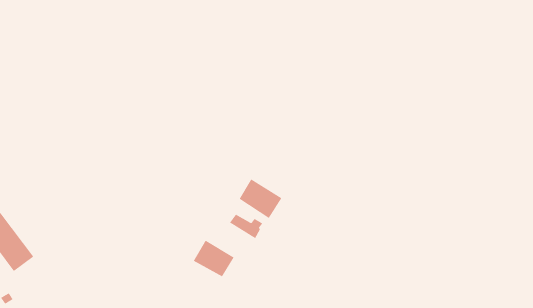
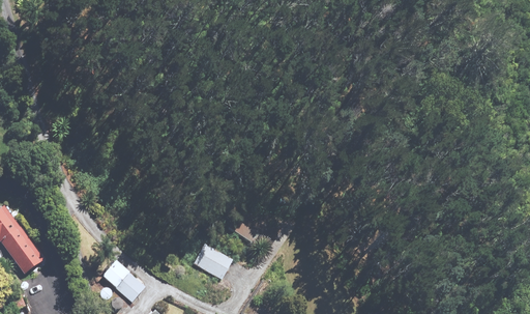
building: [239,179,282,219] -> none
building: none -> [102,260,146,302]

